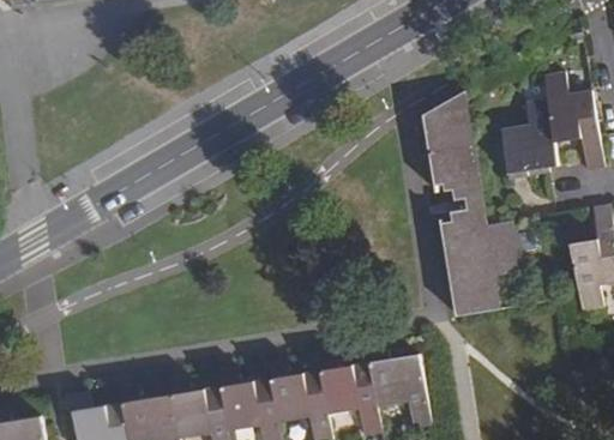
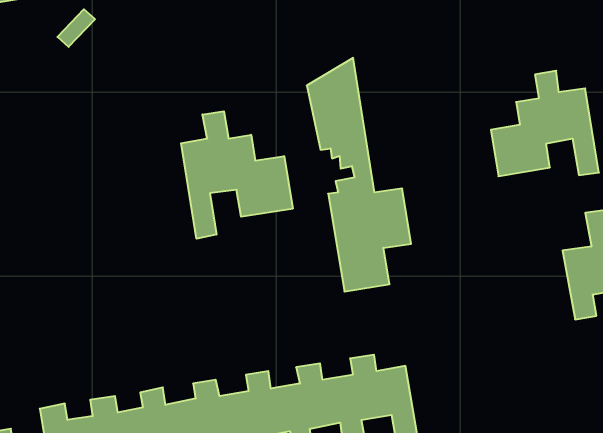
building: [421,91,520,314] -> [307,58,411,292]
building: none -> [181,111,293,239]

